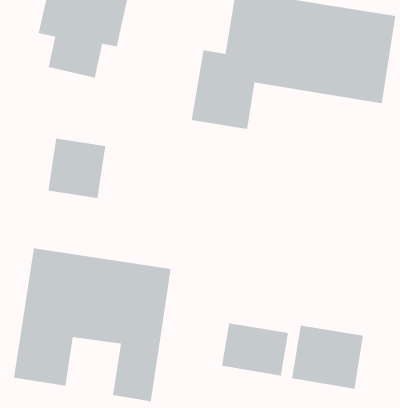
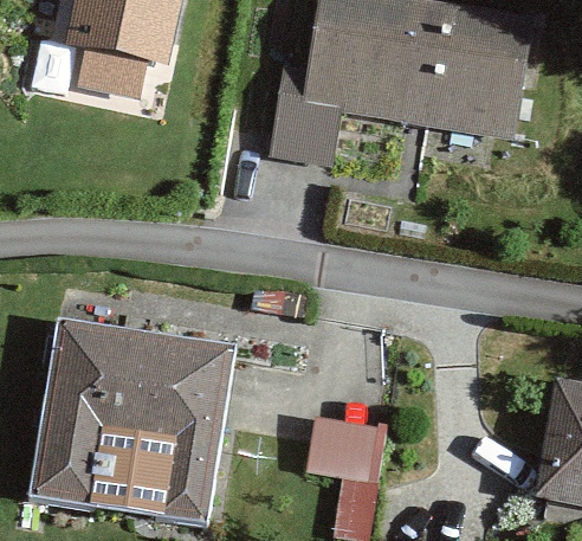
building: [48,138,106,199] -> none
building: [292,325,364,389] -> none

